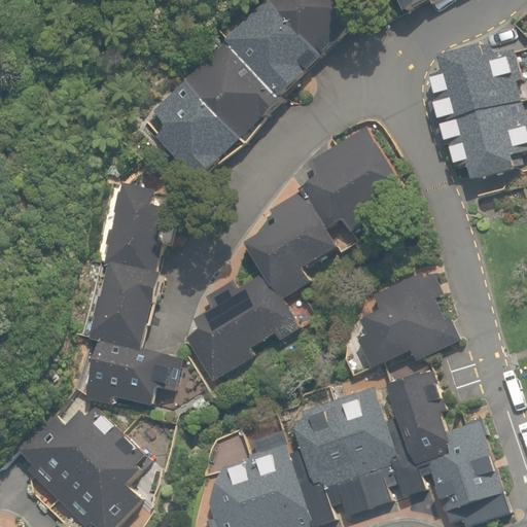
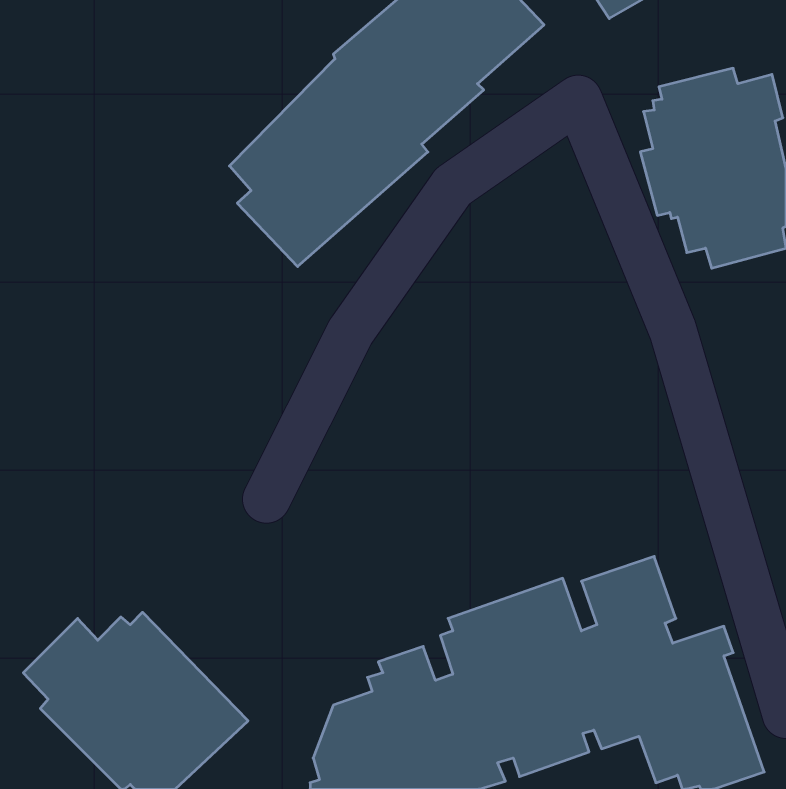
building: [184,128,407,381] -> none
building: [84,183,181,406] -> none
building: [357,272,460,368] -> none

